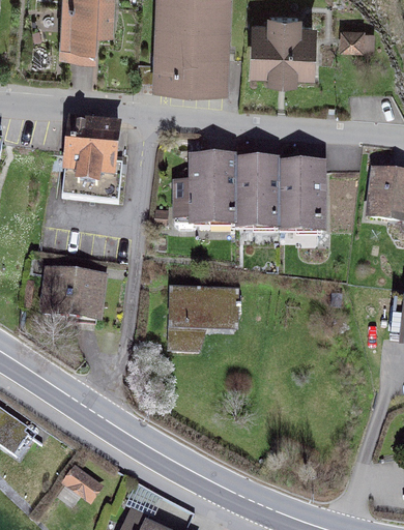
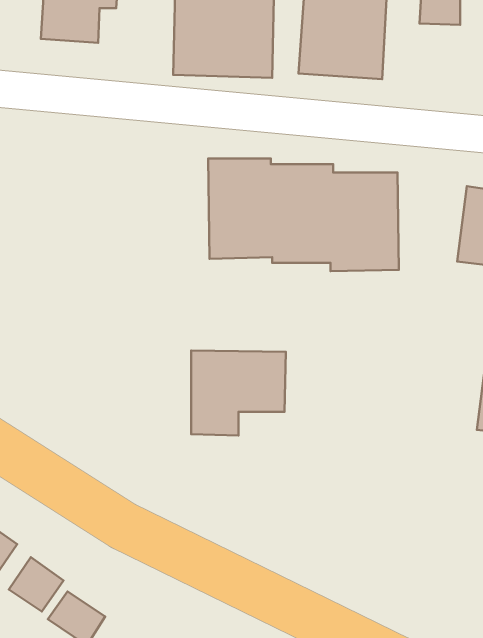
building: [61,119,129,197] -> none
building: [36,268,105,324] -> none
building: none -> [9,557,63,611]

